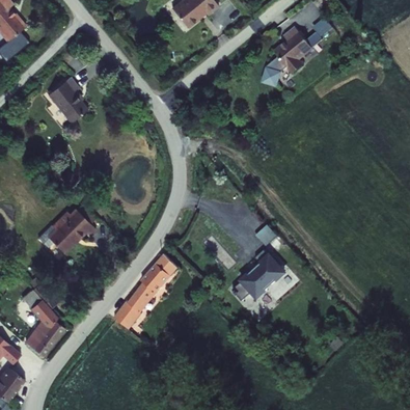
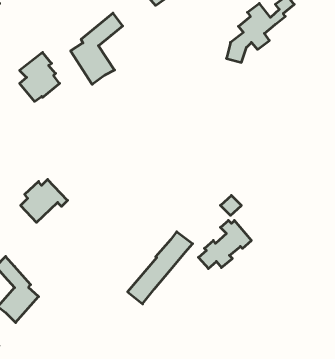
building: none -> [71,13,123,84]
building: [112,254,180,329] -> [128,232,193,304]

